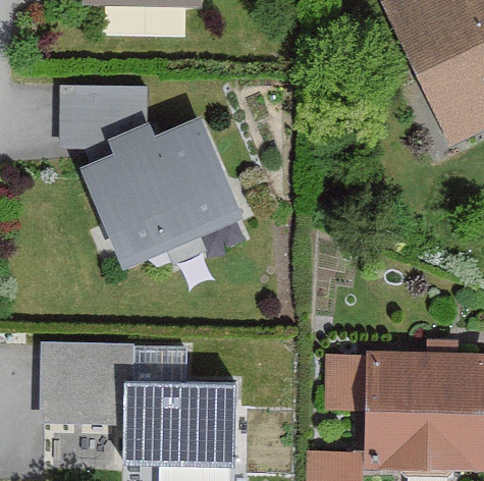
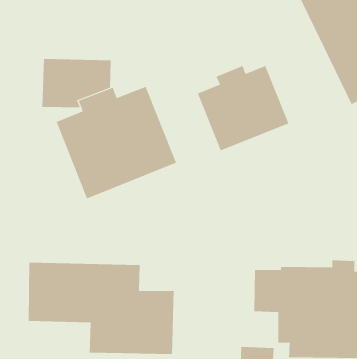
building: none -> [197,65,289,151]

